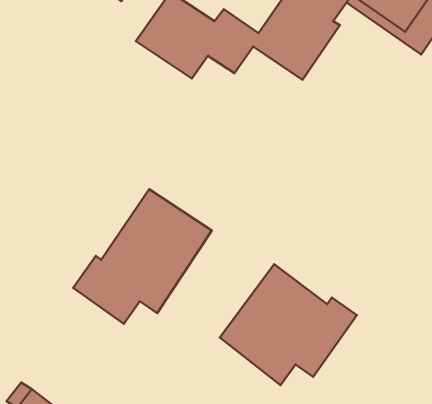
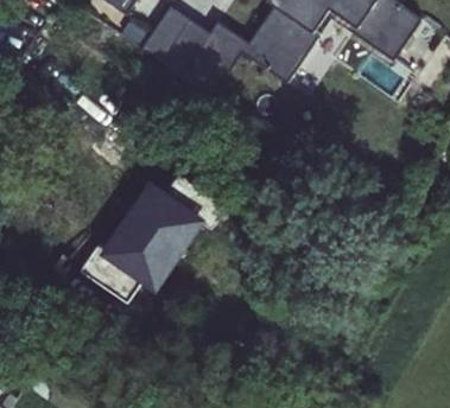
building: [220,264,357,385] -> none

